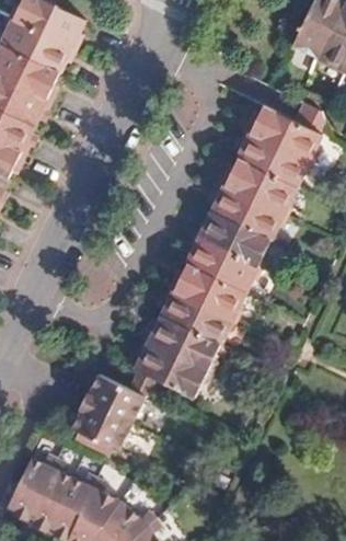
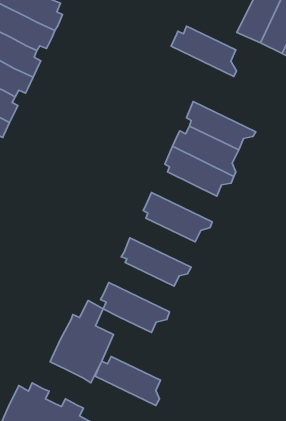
building: [238,106,313,164] -> [171,26,237,76]
building: [189,210,265,268] -> none
building: [164,264,240,321] -> none
building: [140,315,216,372] -> [95,356,160,406]

